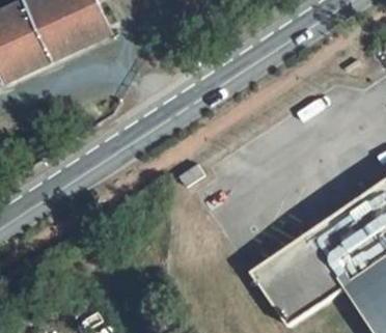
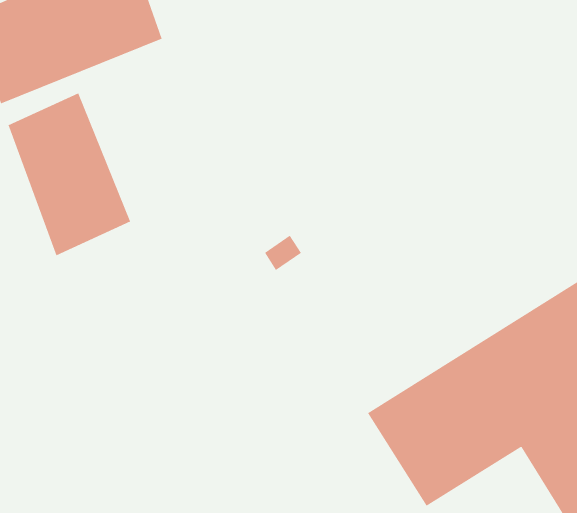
building: none -> [8,93,131,256]

